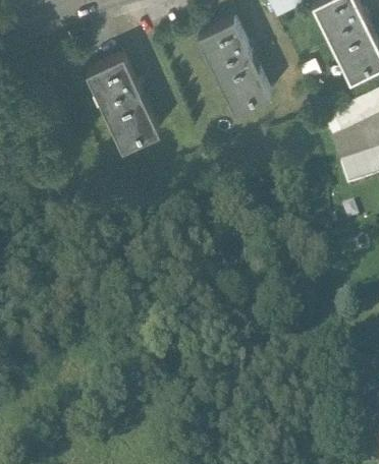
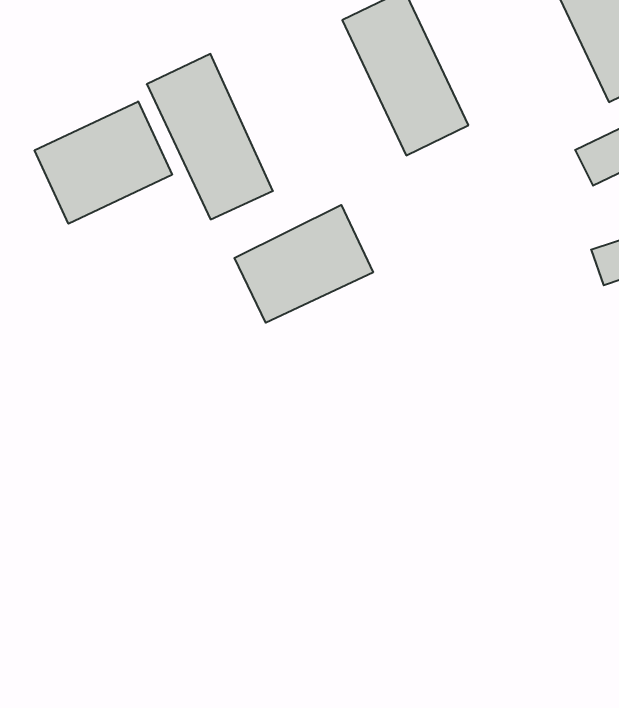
building: none -> [35,101,172,224]
building: none -> [234,205,373,323]

